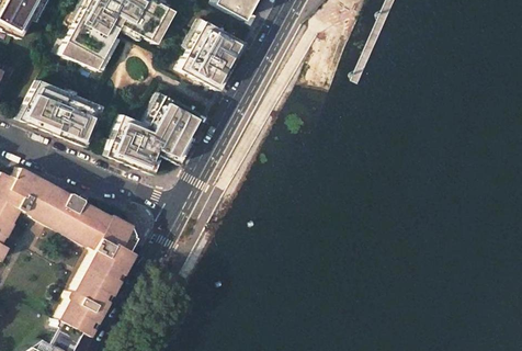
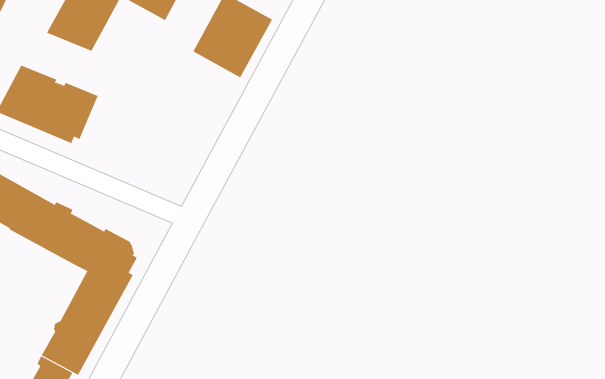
building: [109,95,205,174] -> none

